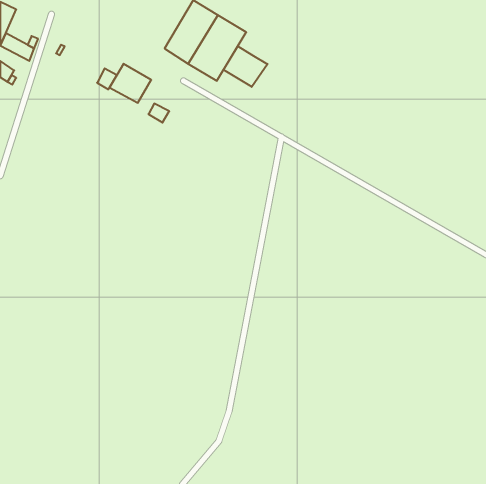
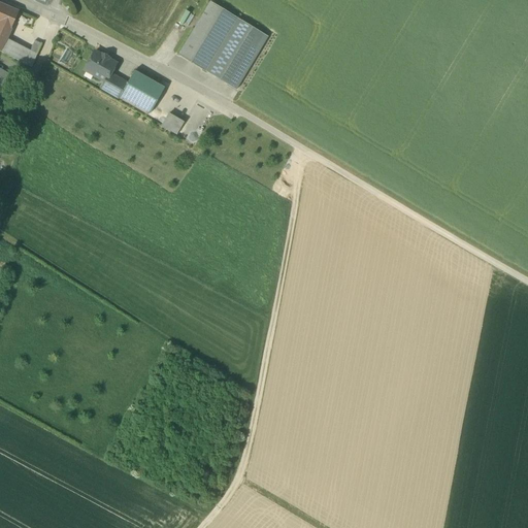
building: none -> [84,50,116,90]
building: [224,46,268,87] -> none

